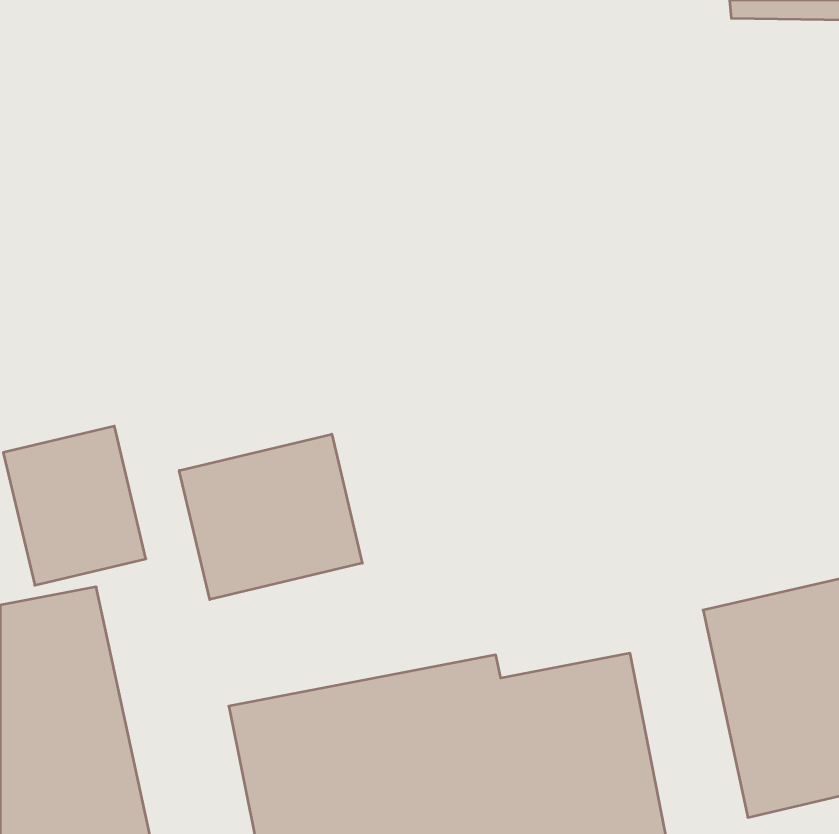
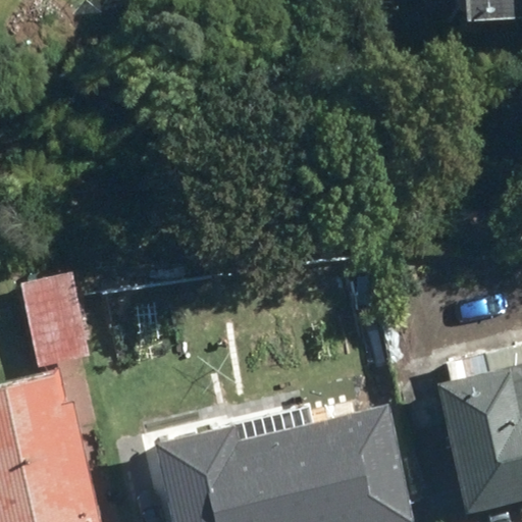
building: [179,434,362,600] -> none

